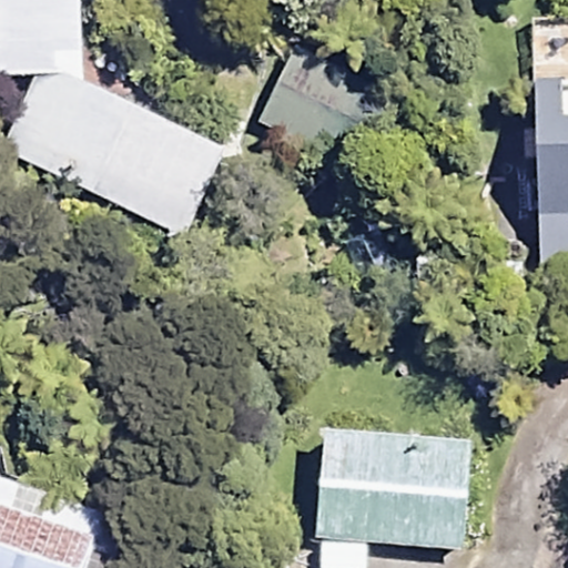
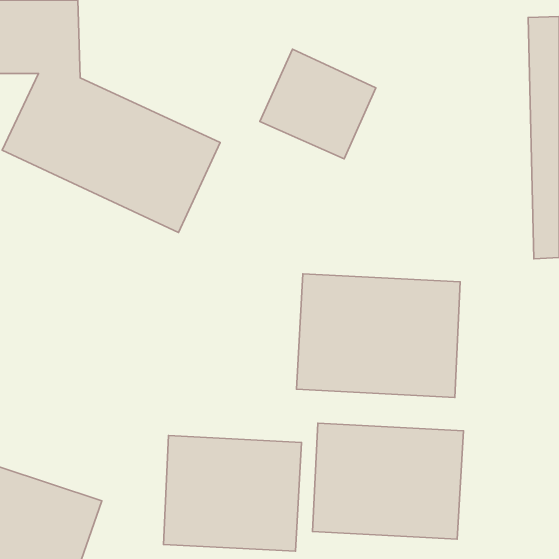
building: none -> [296,274,460,397]
building: none -> [163,436,302,551]

